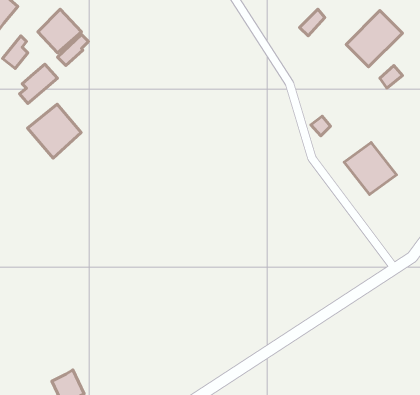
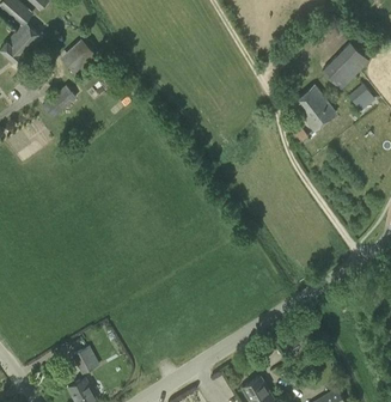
building: [27,104,81,158] -> none
building: [344,142,396,195] -> [292,87,336,132]

